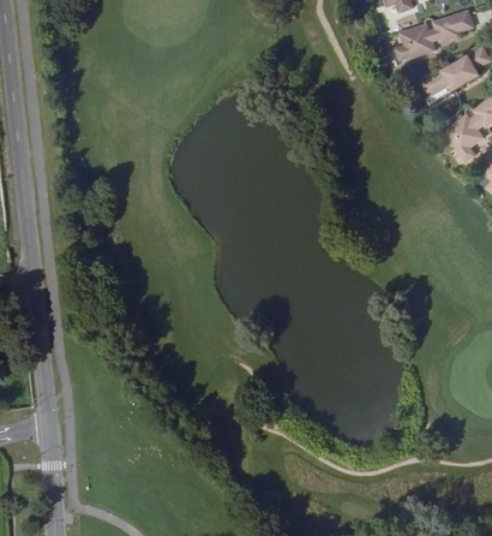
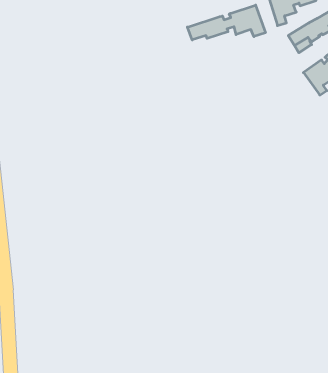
building: none -> [187,5,265,40]

